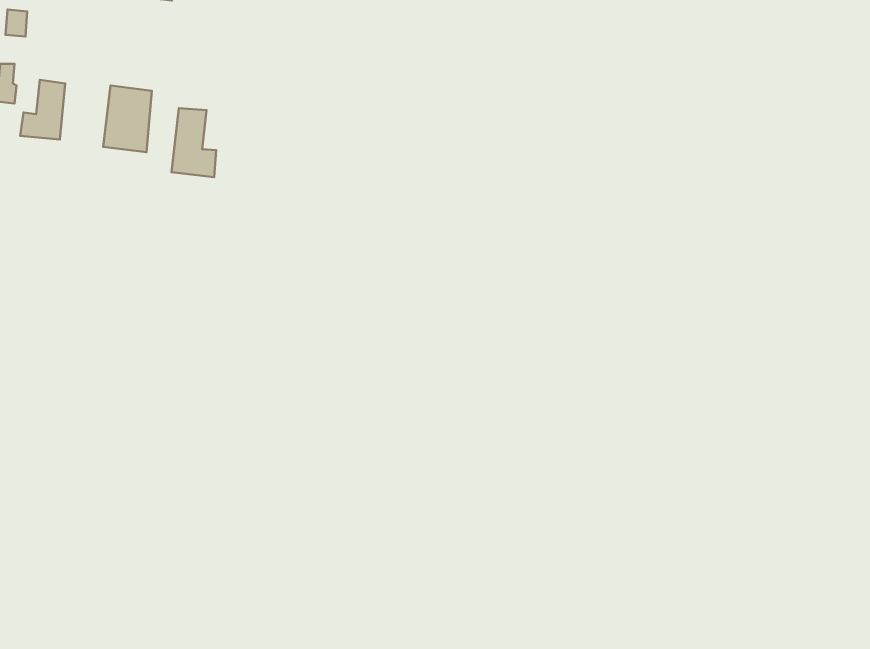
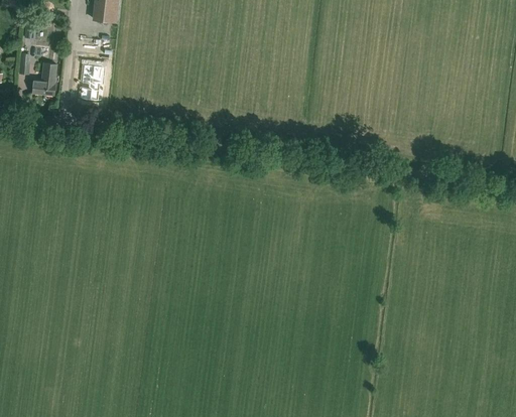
building: [171,108,216,177] -> none

